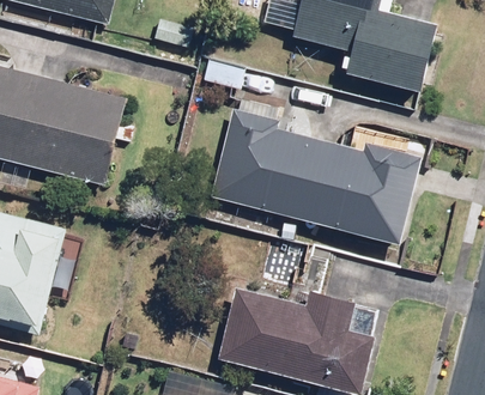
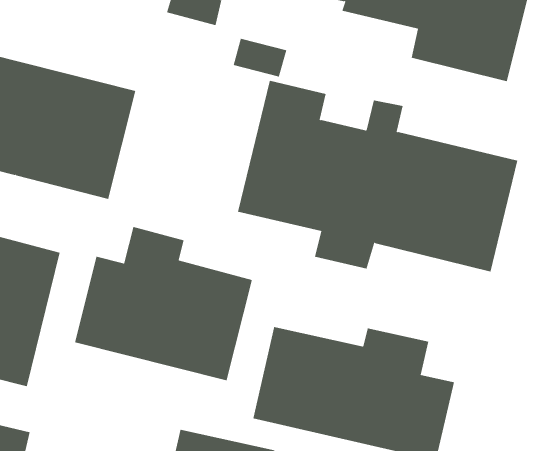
building: none -> [74,226,253,381]

